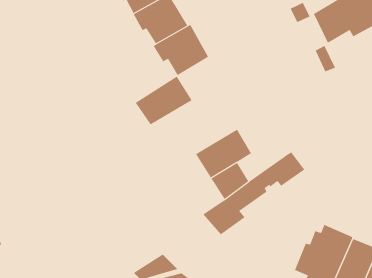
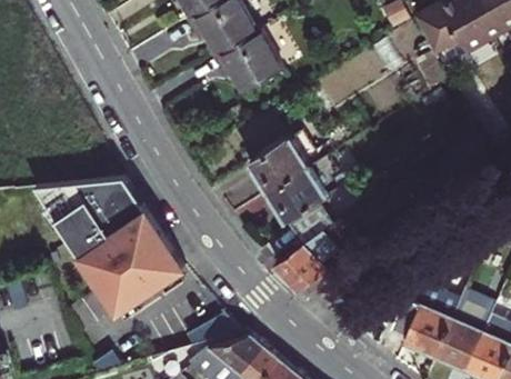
building: [135,76,193,125] -> [248,130,319,191]
building: none -> [33,173,186,308]

